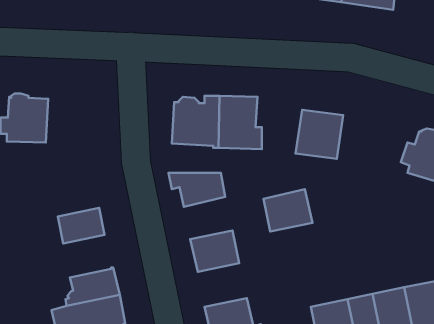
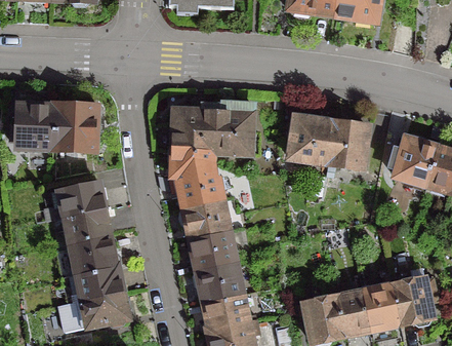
building: none -> [52,103,99,150]
building: none -> [327,122,367,168]
building: none -> [170,149,210,177]
building: none -> [57,183,105,218]
building: [264,189,312,231] -> [182,199,229,239]
building: none -> [69,235,121,275]
building: none -> [192,262,242,303]

